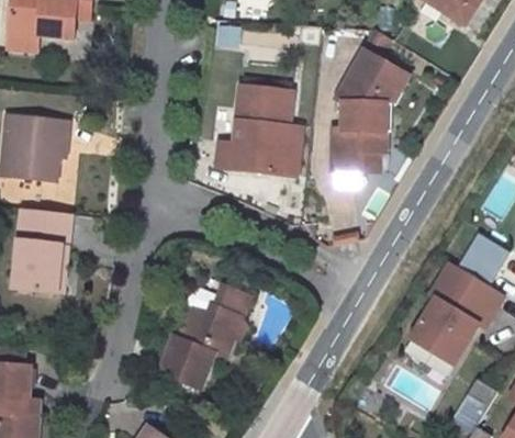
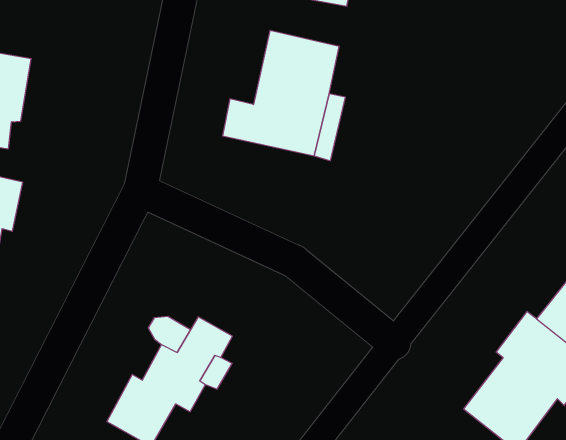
building: [329,47,411,170] -> none

